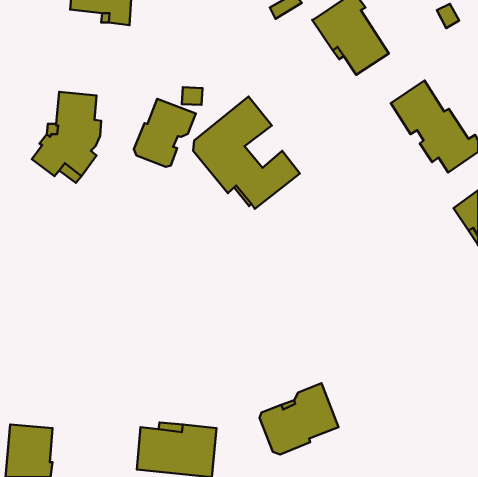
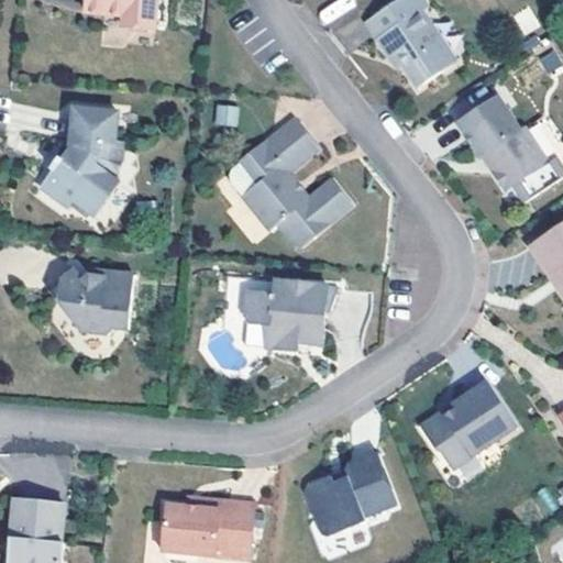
building: [134,99,196,167] -> none
building: none -> [47,268,134,333]
building: none -> [245,279,338,349]
building: none -> [421,384,516,468]

